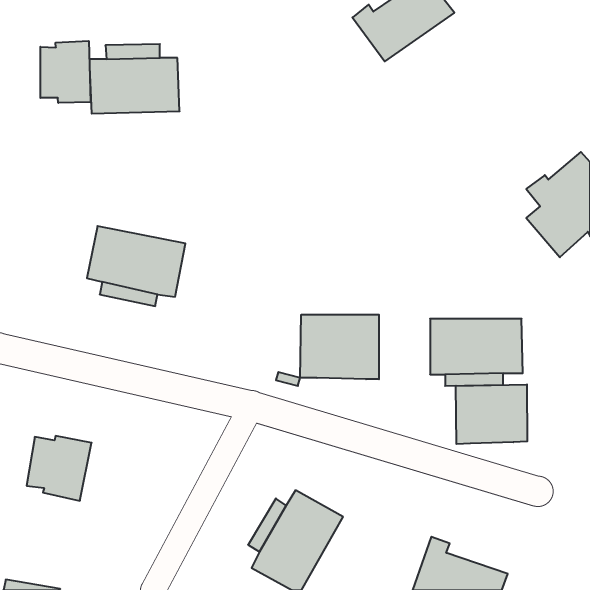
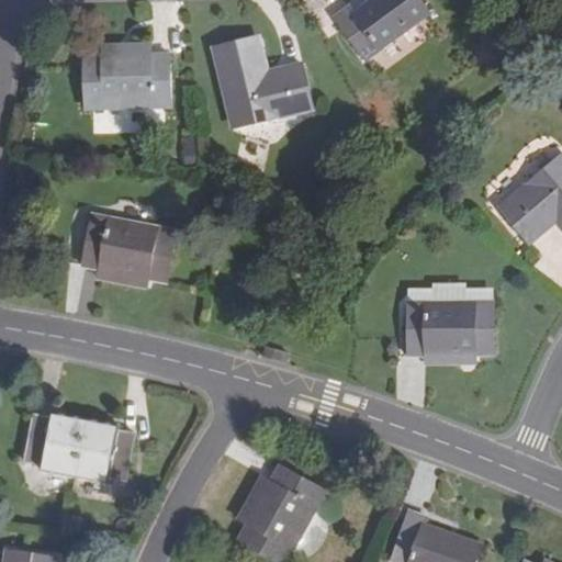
building: none -> [214,37,313,125]
building: [40,41,90,103] -> none
building: [300,315,379,379] -> none
building: [456,384,527,444] -> none
building: none -> [76,419,135,480]

